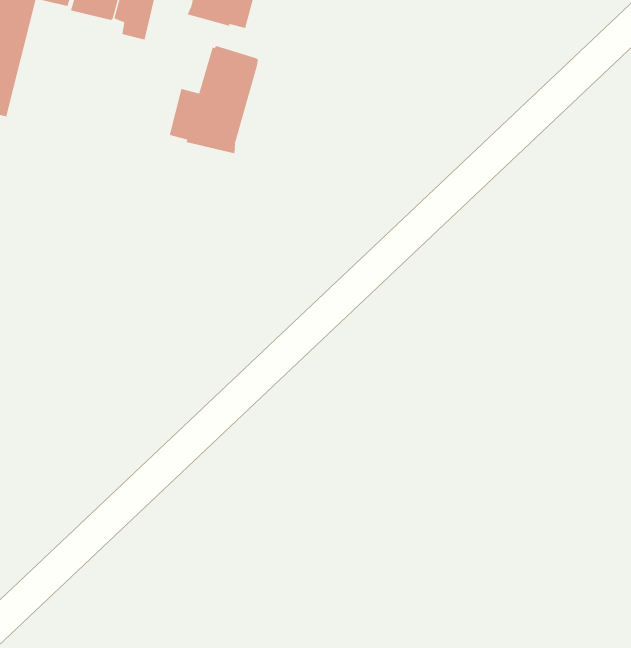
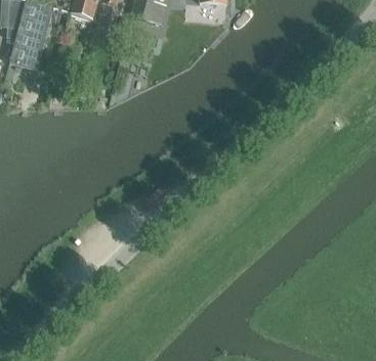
building: [169,45,259,154] -> none

